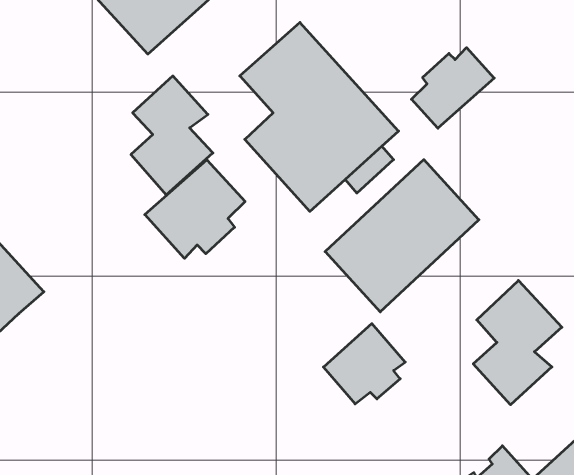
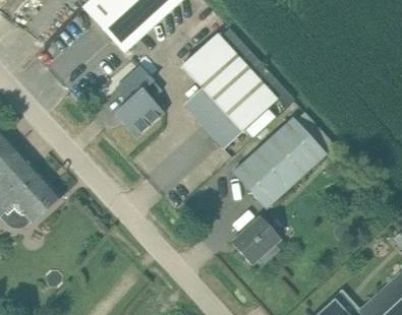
building: [411,48,494,128] -> none
building: [145,160,245,258] -> none
building: [473,280,562,405] -> none

